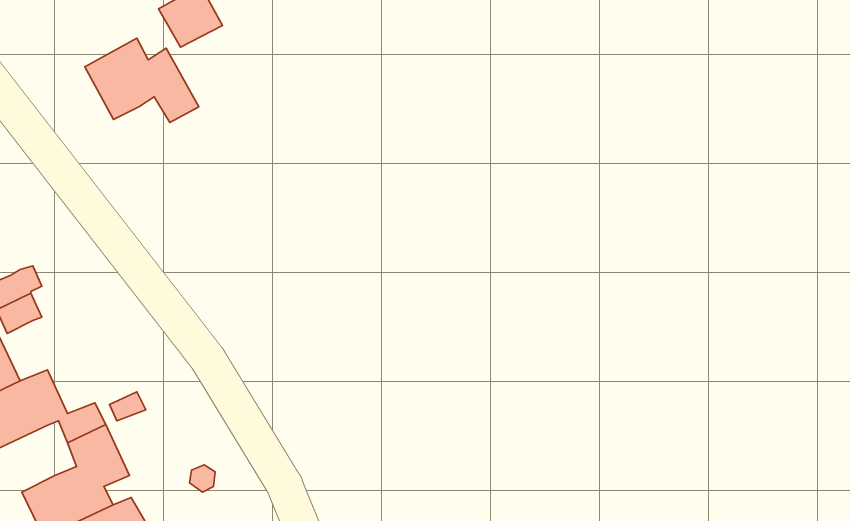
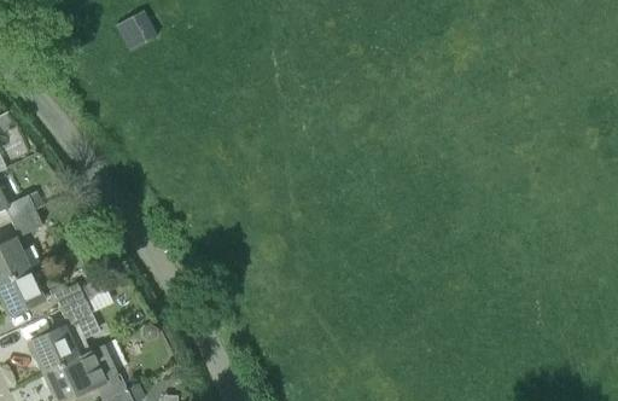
building: [85,38,199,122] -> none

